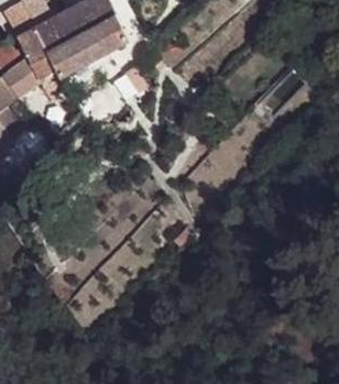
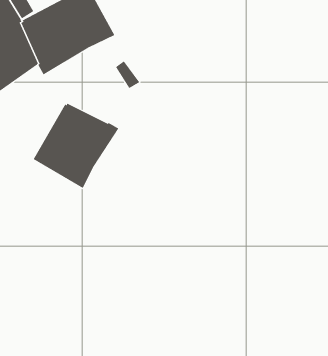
building: none -> [33,103,119,189]

